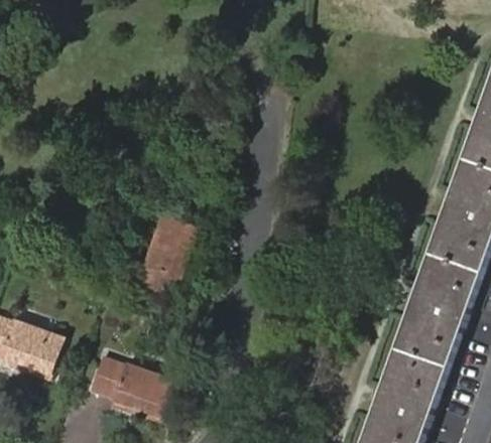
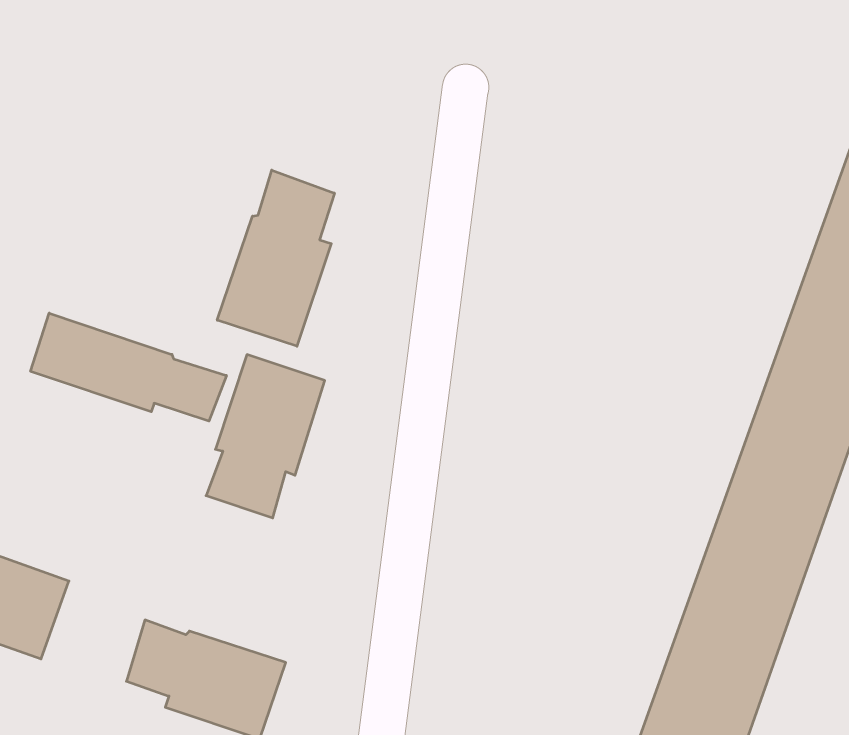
building: none -> [217,170,334,346]
building: none -> [31,313,226,421]

